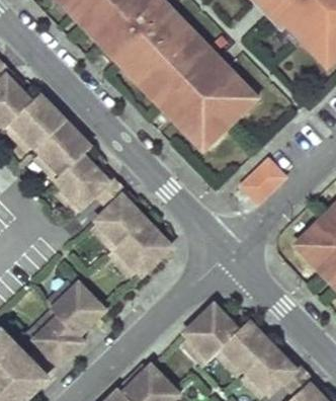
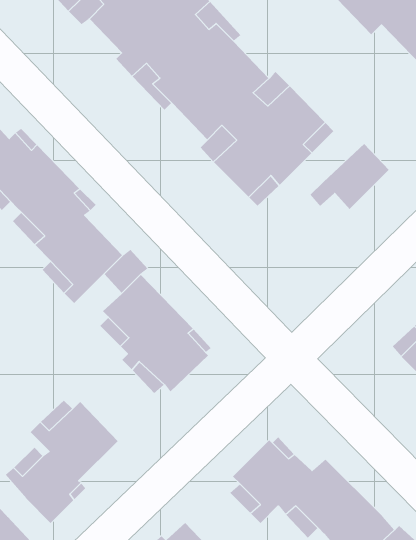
building: [231,157,285,203] -> [310,143,389,210]

